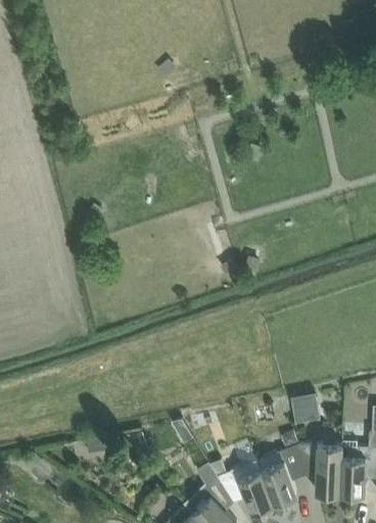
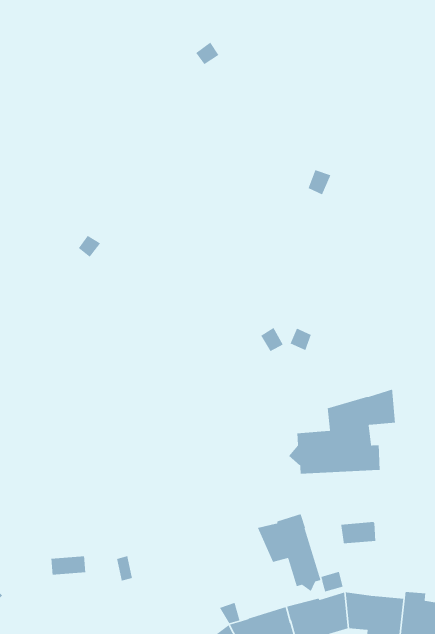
building: none -> [288,388,396,475]
building: none -> [257,513,321,592]

